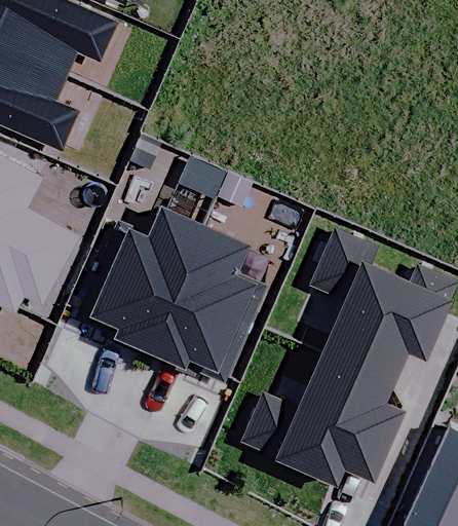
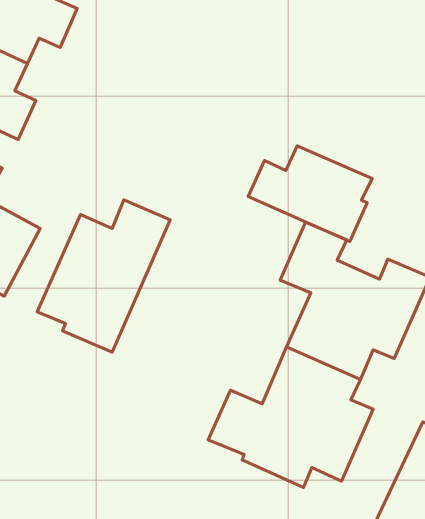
building: none -> [248,146,372,241]
building: [151,228,266,377] -> none

